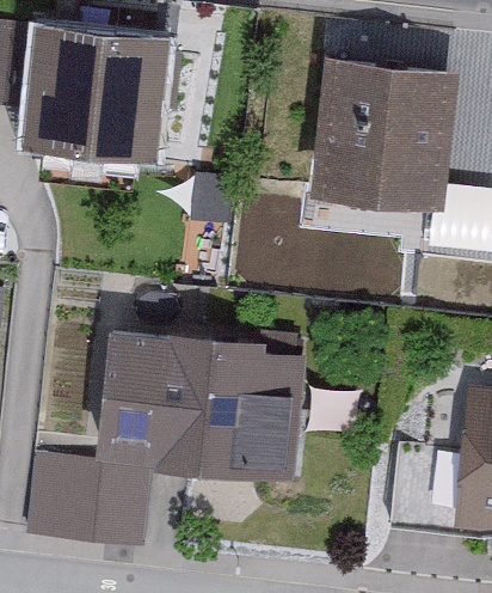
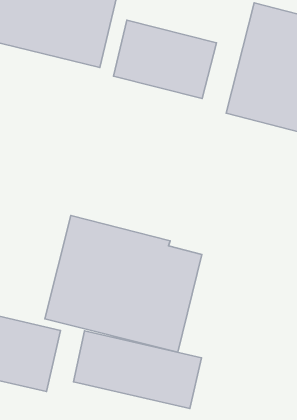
building: none -> [113,20,217,99]
building: none -> [74,331,202,408]

